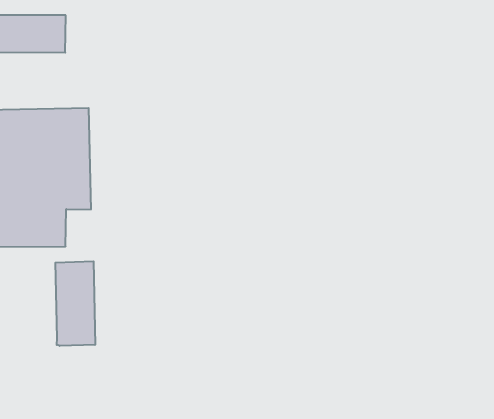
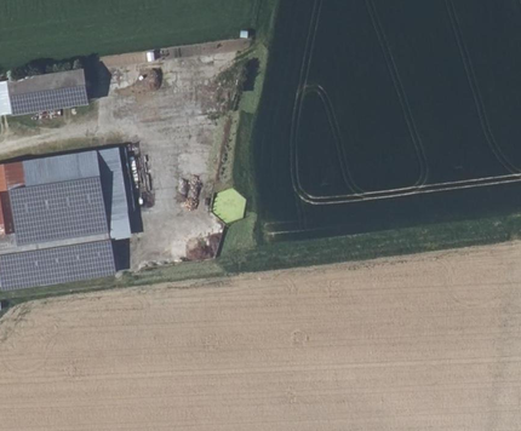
building: [55,261,95,346] -> none

